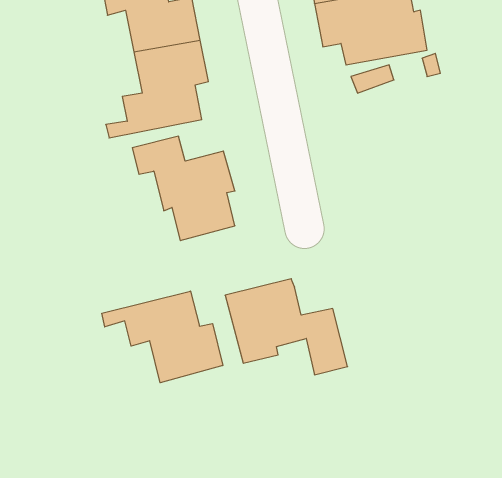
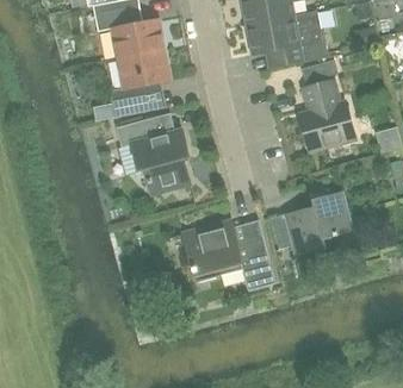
building: none -> [299,79,355,150]
building: none -> [284,190,361,255]
building: [102,291,223,383] -> none

